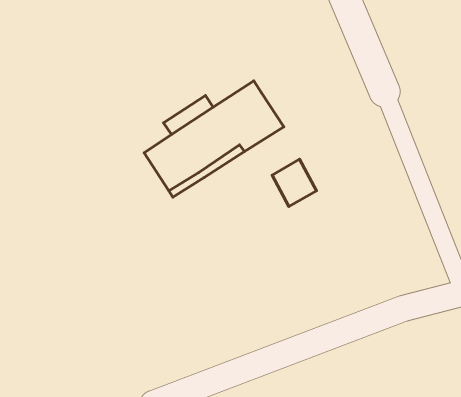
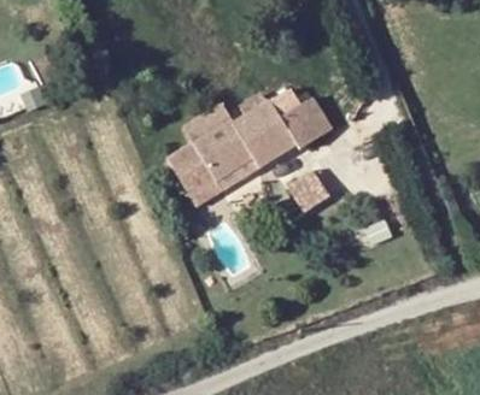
building: none -> [273,87,321,140]

